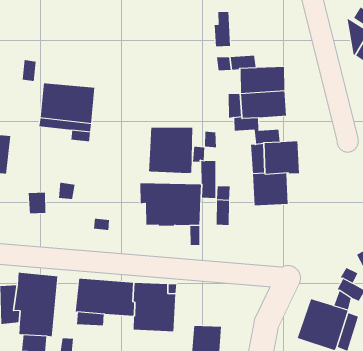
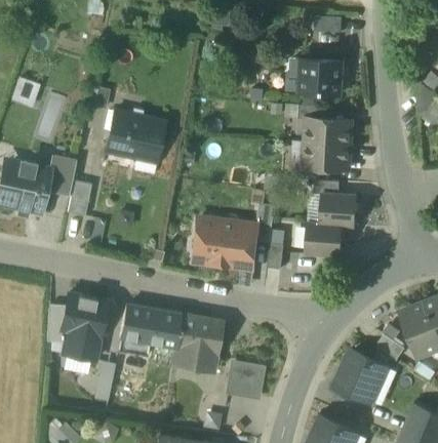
building: none -> [305,62,342,96]
building: [149,127,193,174] -> none
building: none -> [68,180,91,215]

